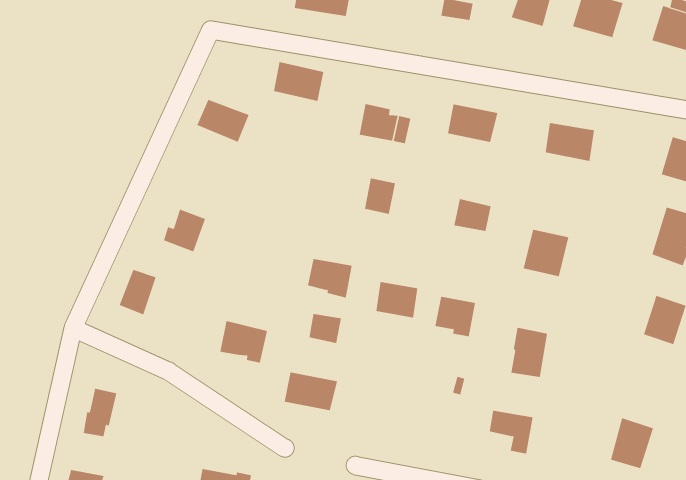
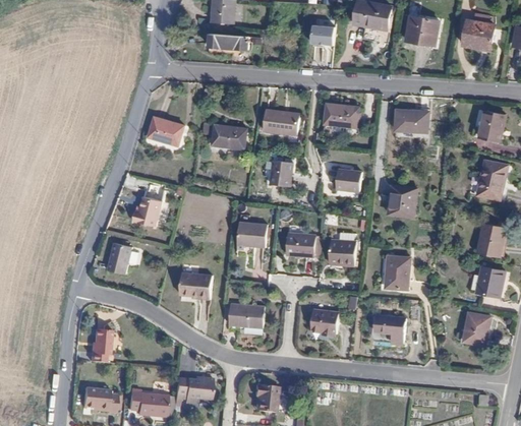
building: [273,61,324,102] -> [212,124,246,149]
building: [309,313,342,344] -> none
building: none -> [476,266,505,297]
building: none -> [310,308,338,334]

